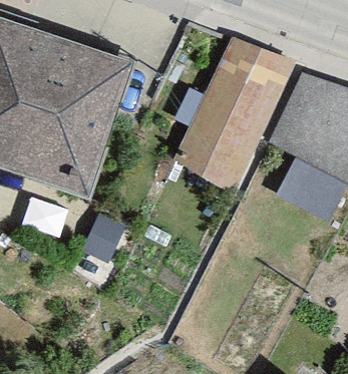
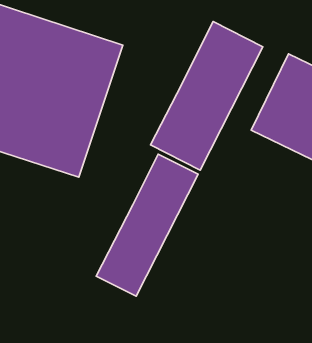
building: none -> [96,154,198,296]

